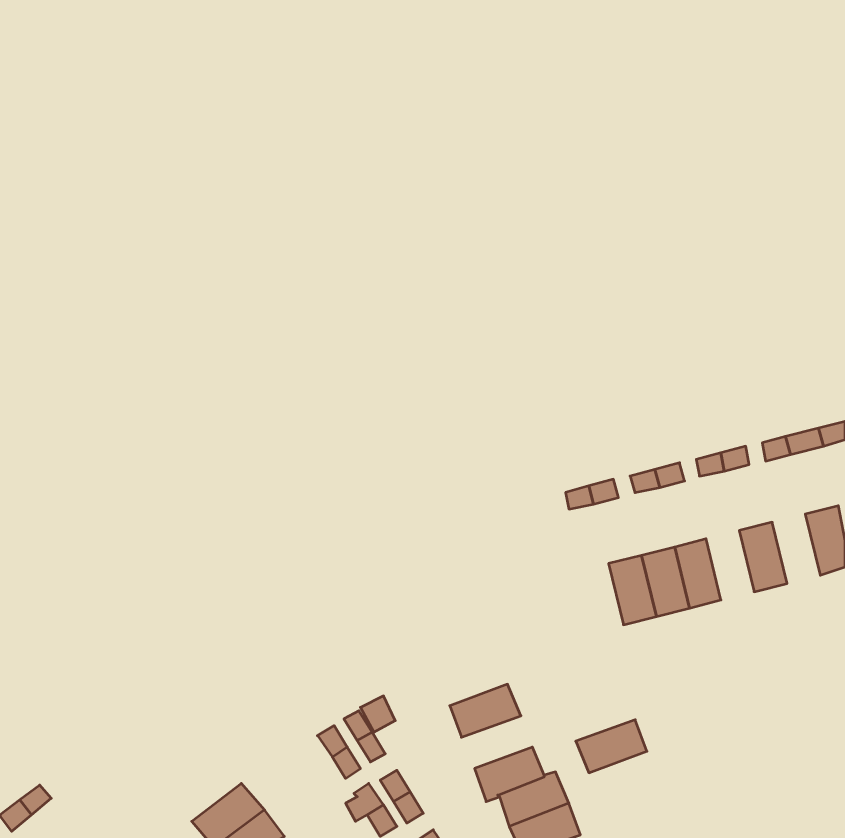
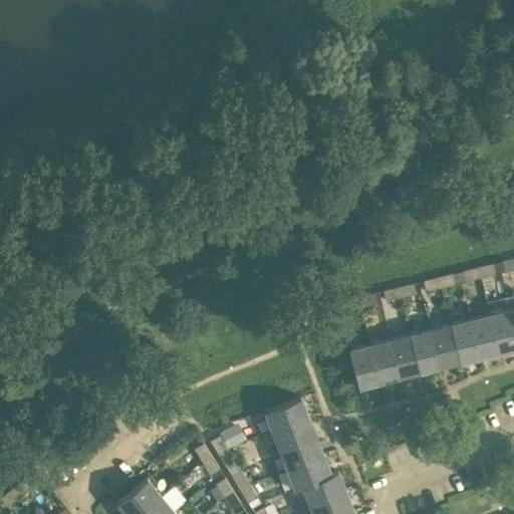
building: none -> [469,316,498,358]
building: none -> [429,326,458,368]
building: none -> [348,346,378,389]
building: none -> [265,400,308,433]
building: [576,720,647,773] -> [280,439,323,471]

